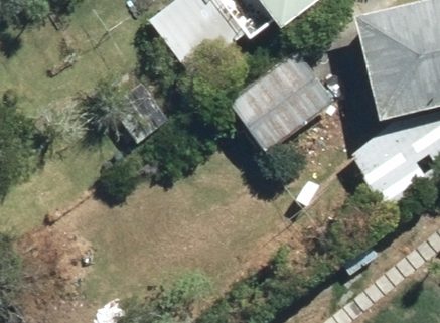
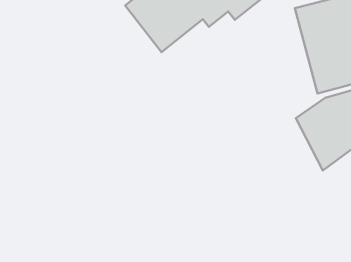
building: [233,50,338,153] -> none

